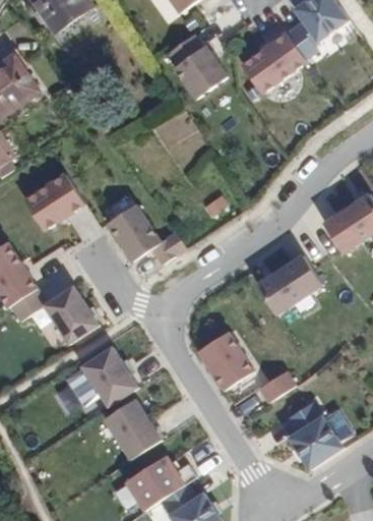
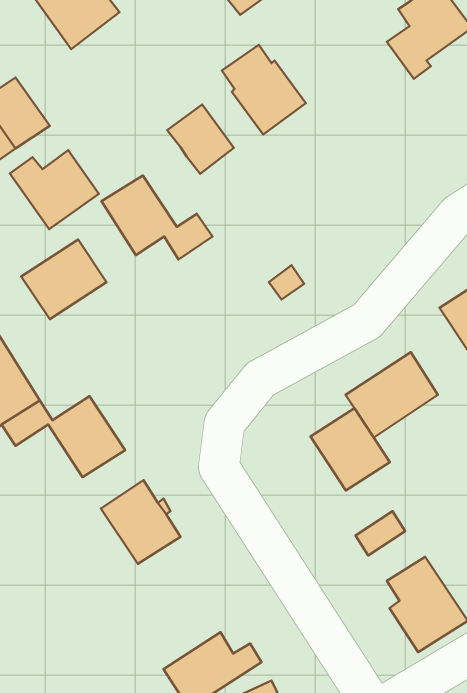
building: [240,33,306,94] -> none
building: none -> [167,104,234,174]
building: none -> [10,150,99,229]
building: [114,206,193,266] -> [102,175,213,259]
building: [197,331,254,390] -> [310,408,390,491]
building: [104,399,161,459] -> none

